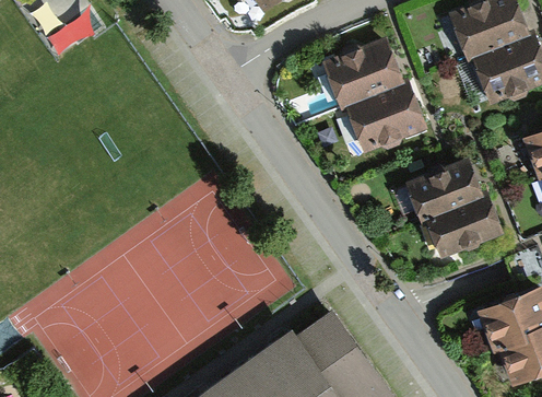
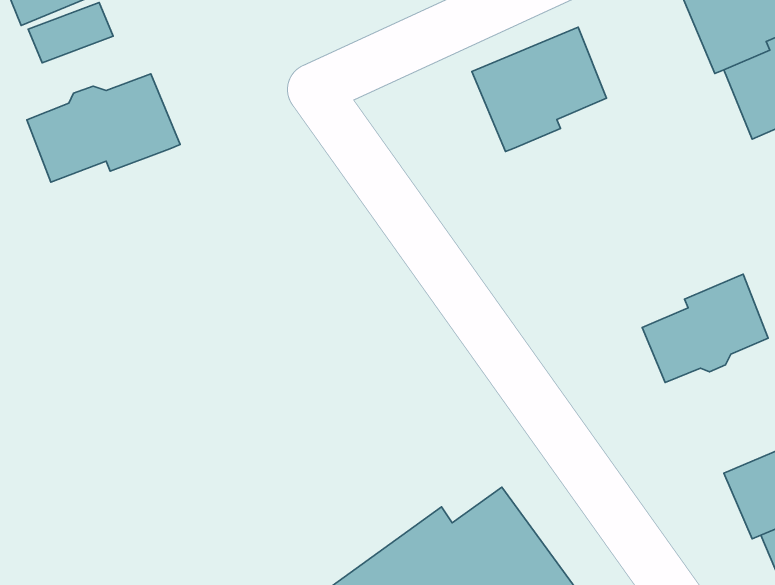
building: none -> [27,74,180,182]
building: [345,78,427,152] -> none
building: [402,154,481,222] -> none

